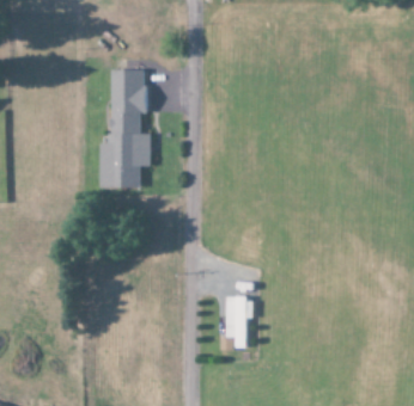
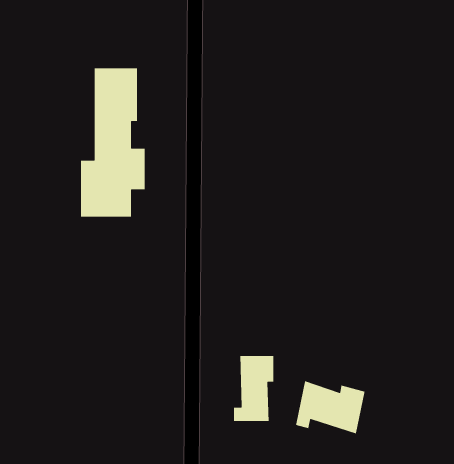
building: none -> [295,380,365,435]

